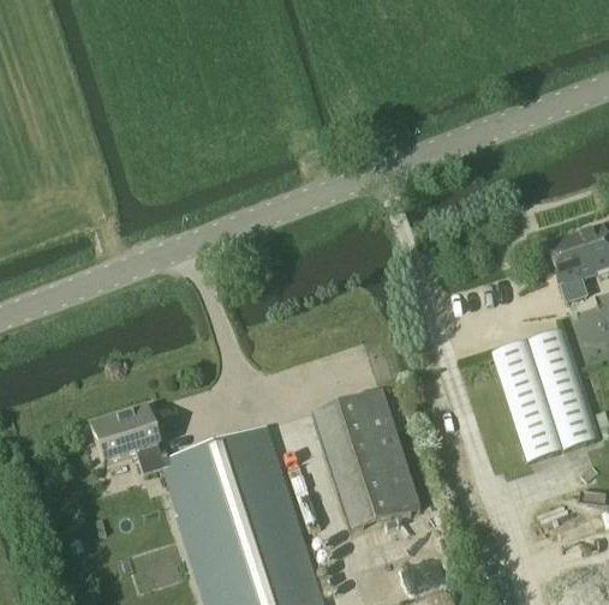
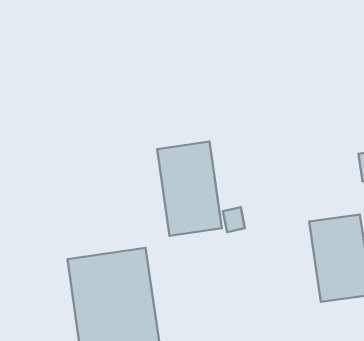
building: [310,388,419,529] -> [157,142,222,236]
building: [90,405,162,472] -> none

